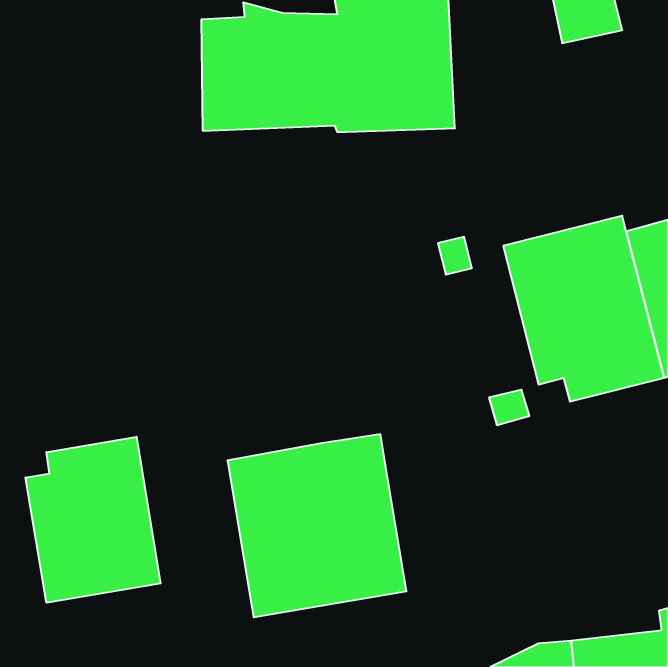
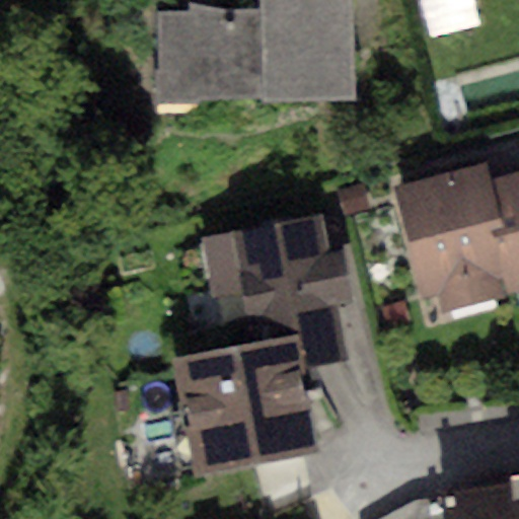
building: none -> [197,210,351,361]
building: [26,437,161,603] -> none

